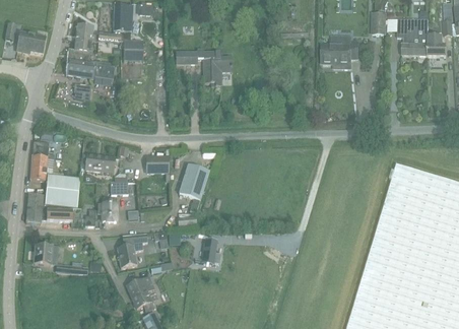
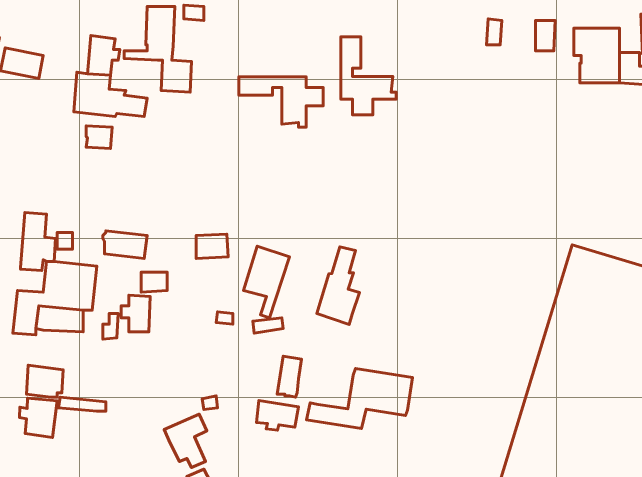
building: none -> [341,37,396,115]
building: [322,37,357,63] -> none
building: none -> [317,247,360,325]
building: [117,235,147,268] -> none
building: none -> [306,368,413,429]
building: none -> [19,398,57,437]
building: none -> [256,401,298,430]

